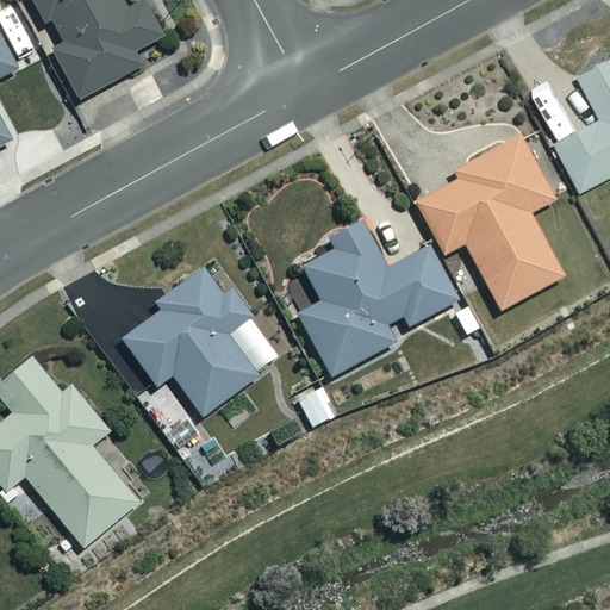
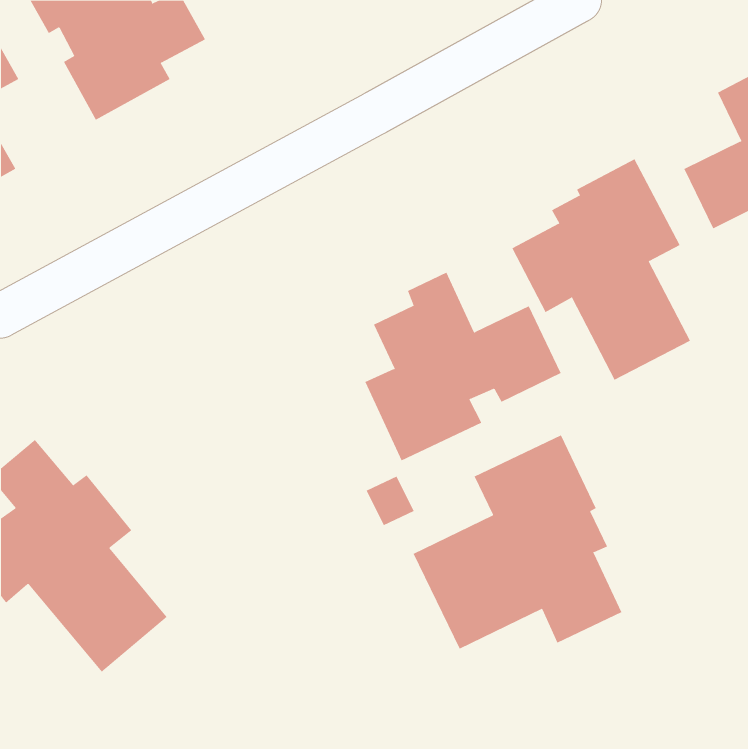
building: [124,264,260,416] -> none
building: none -> [413,434,622,650]

